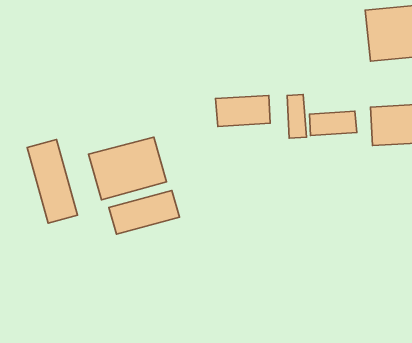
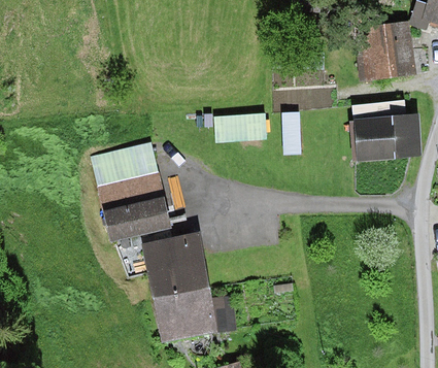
building: [310,111,357,136] -> none
building: [27,140,78,223] -> none
building: none -> [142,233,223,340]

